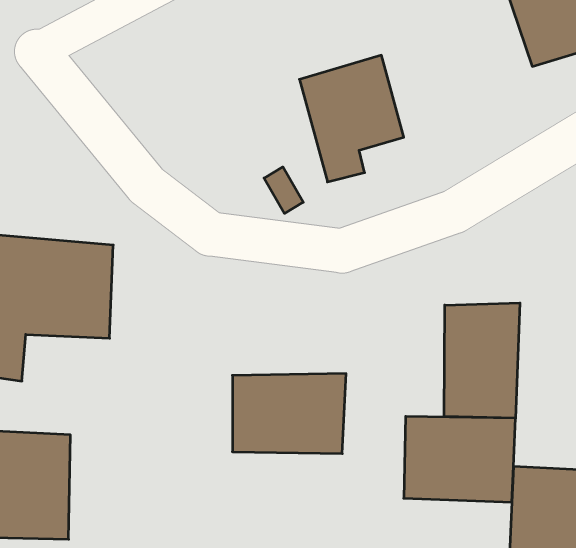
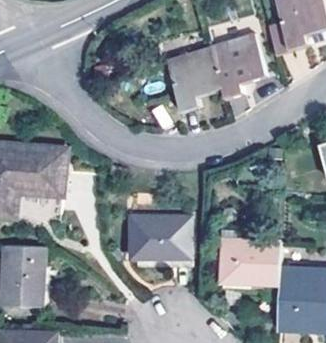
building: none -> [209,33,265,100]
building: [444,303,520,418] -> none

